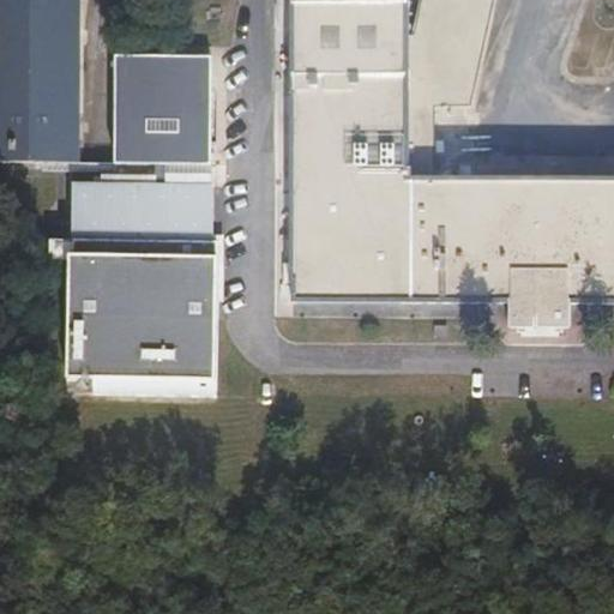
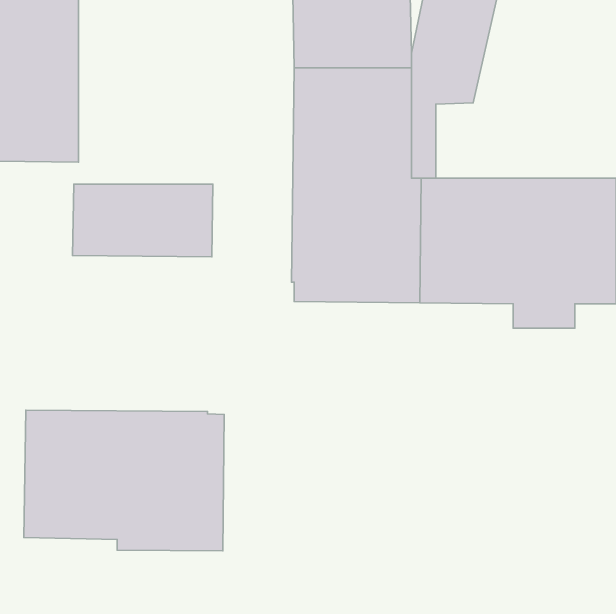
building: [115,54,210,182] -> none
building: [67,253,218,380] -> none
building: none -> [24,410,224,551]

